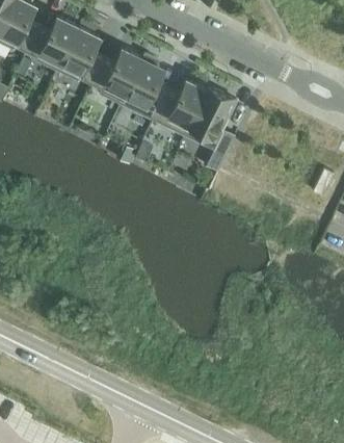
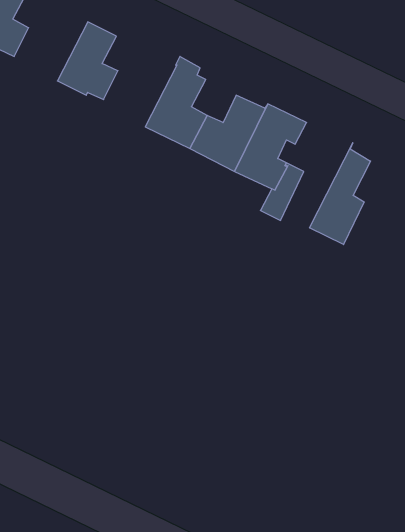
building: [27,18,80,71] -> none
building: [91,49,144,104] -> none
building: none -> [310,143,371,245]

